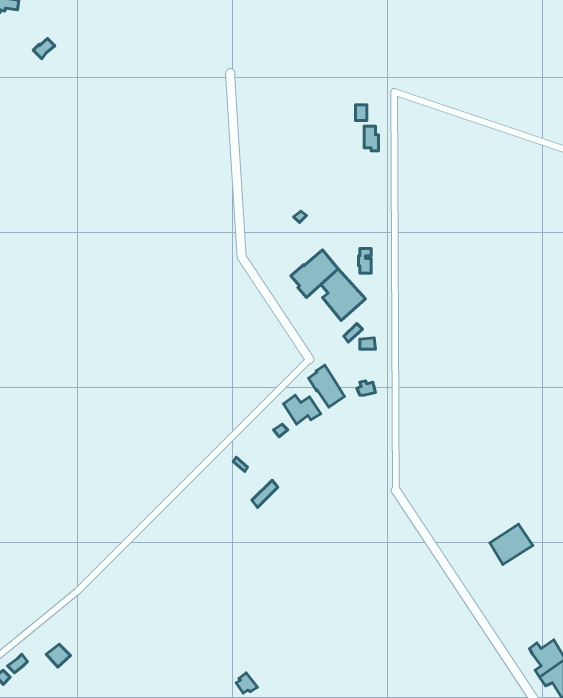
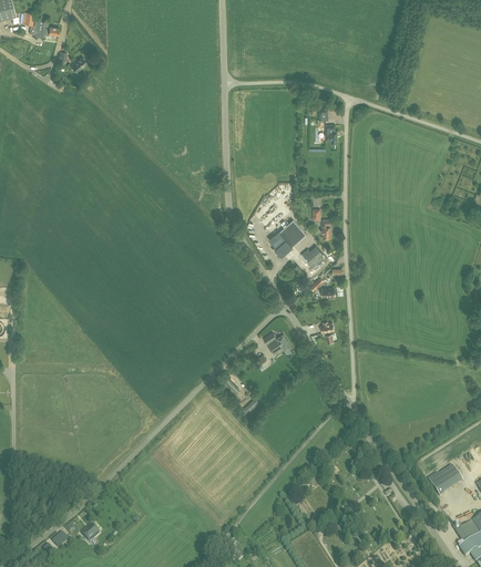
building: [308,365,345,407] -> none
building: [490,524,533,564] -> [429,463,462,494]

